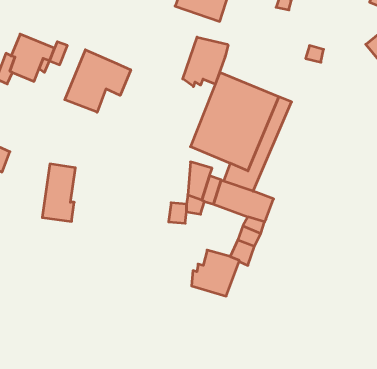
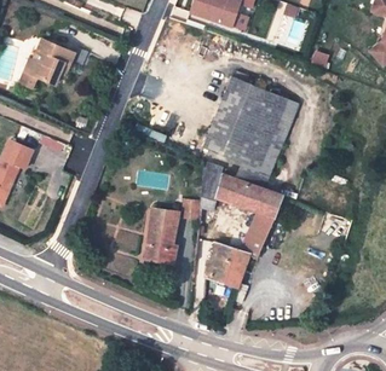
building: [183,37,228,87] -> none
building: [65,50,131,112] -> none
building: [42,164,75,221] -> [146,208,178,262]

